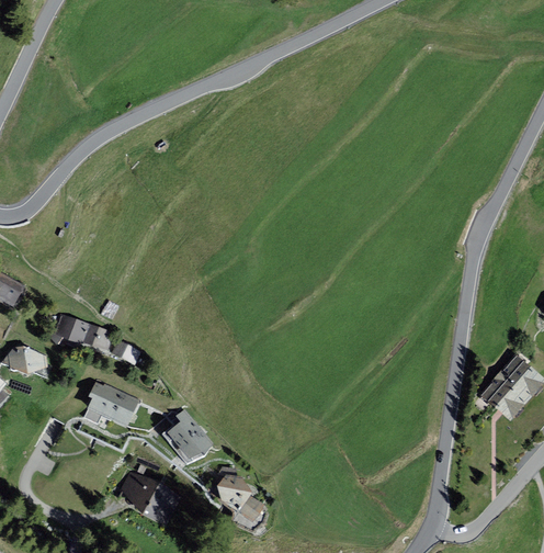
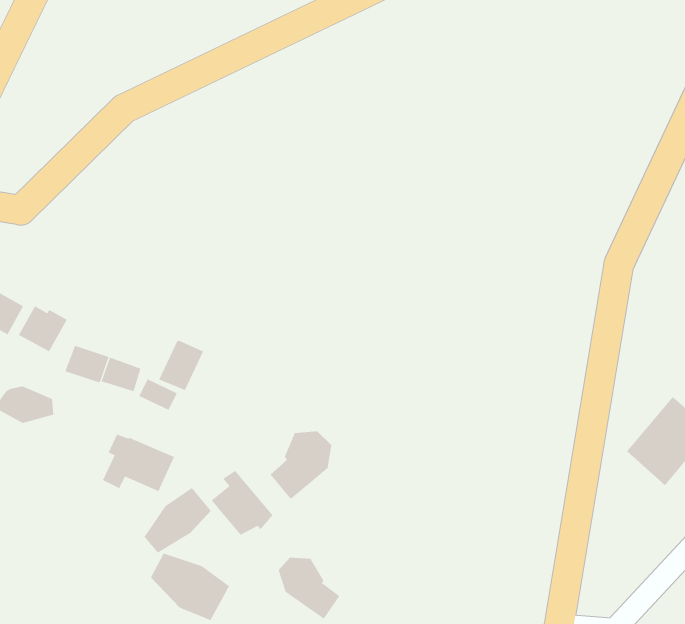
building: none -> [18,305,68,352]
building: none -> [158,340,204,391]
building: none -> [270,431,332,500]
building: none -> [144,487,212,554]

